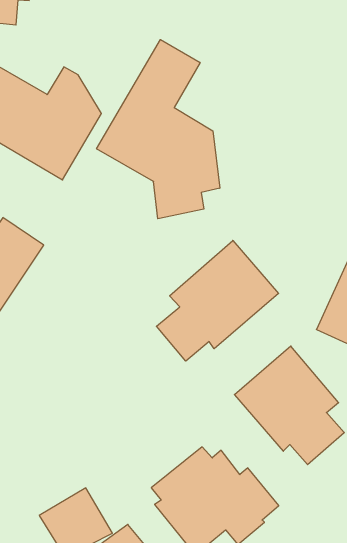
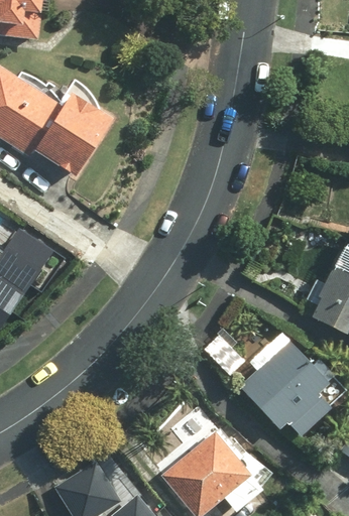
building: [97,40,220,219] -> none
building: [156,240,279,361] -> none

